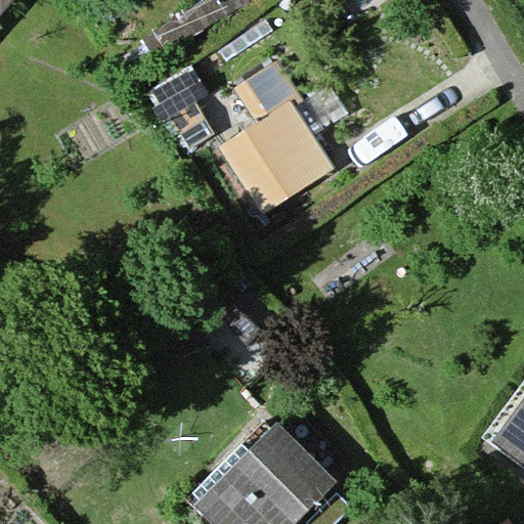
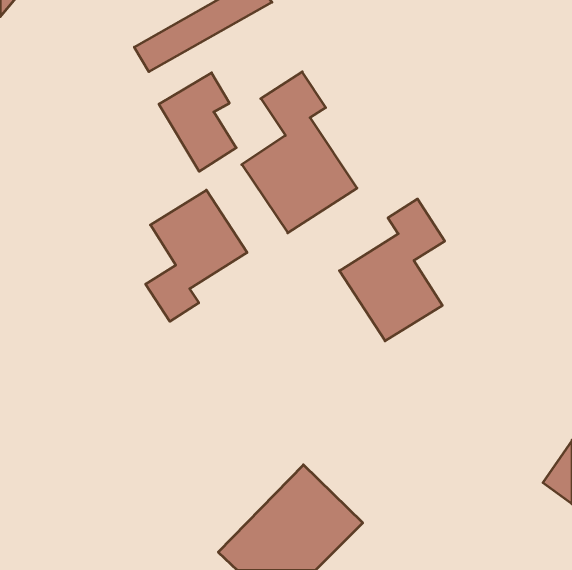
building: none -> [146,190,247,321]
building: none -> [339,199,445,341]

